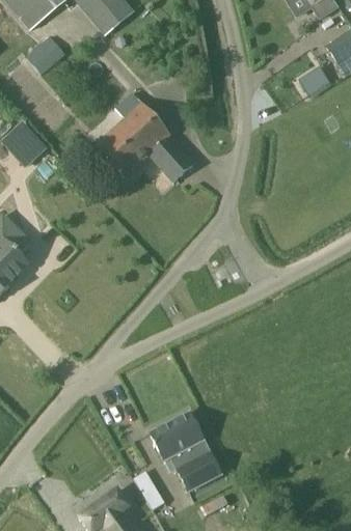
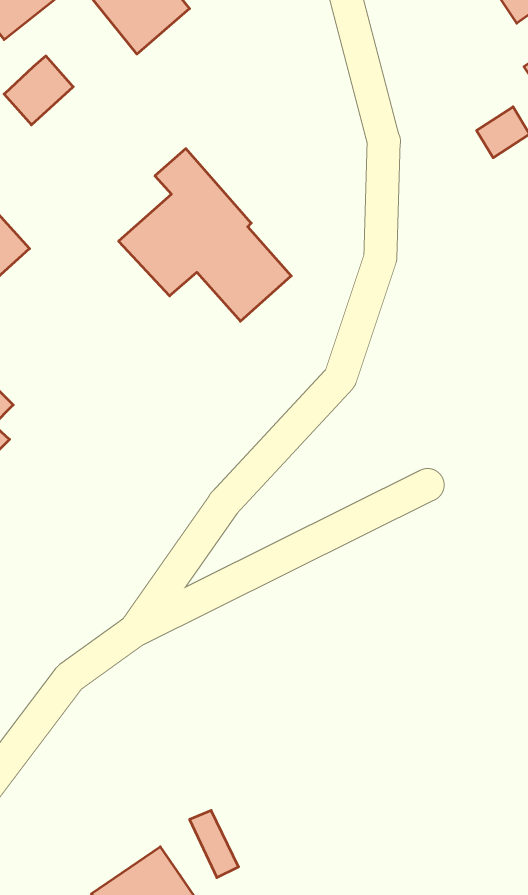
building: [150,413,227,488] -> none

